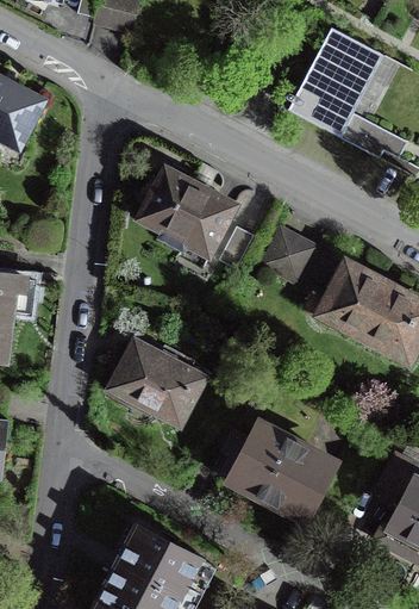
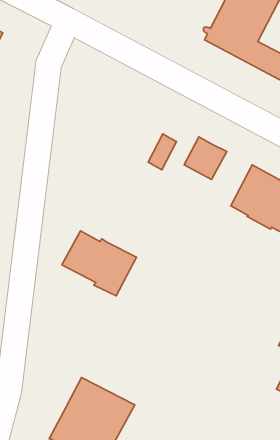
building: [139,168,236,255] -> none
building: [220,424,334,518] -> none

